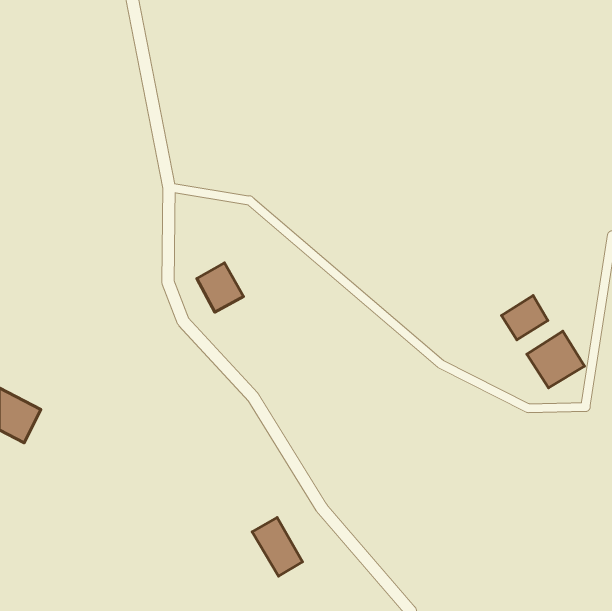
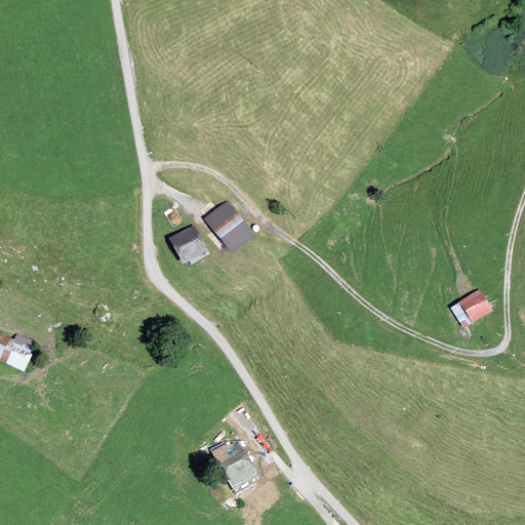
building: none -> [202,196,254,248]
building: [501,295,548,340] -> none

